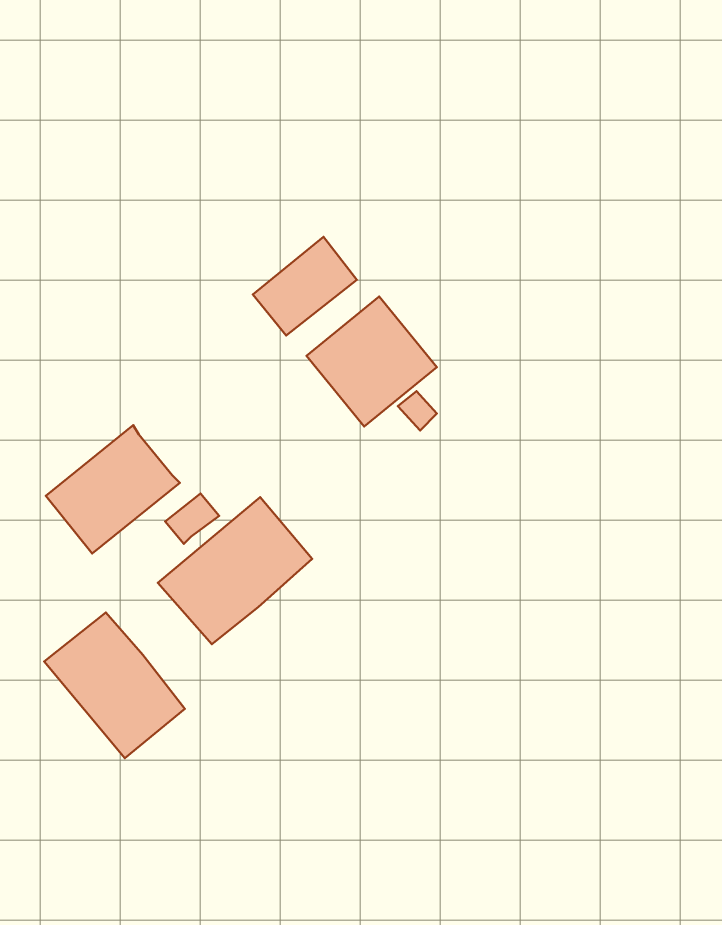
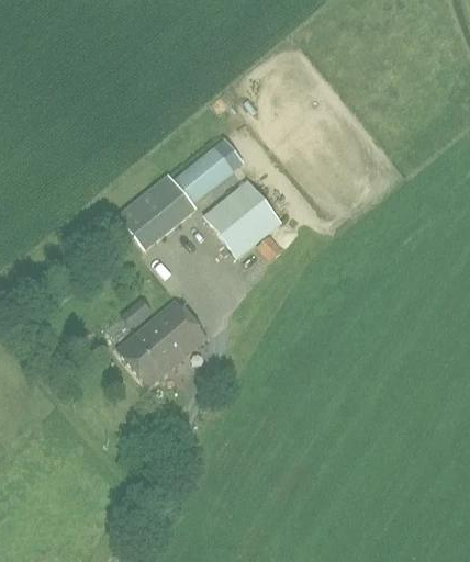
building: [46,425,180,553] -> [118,173,197,249]
building: [44,612,185,758] -> none

